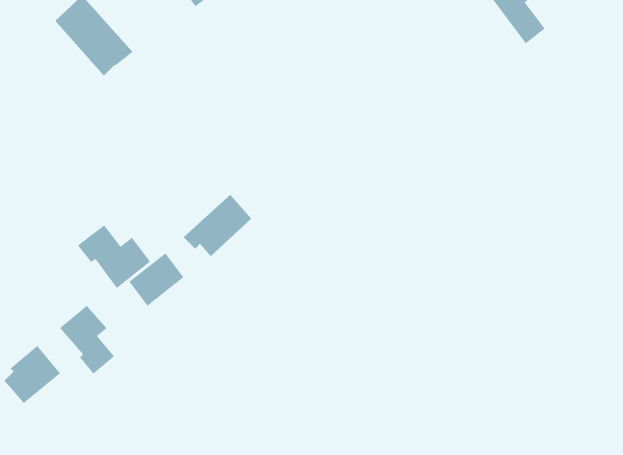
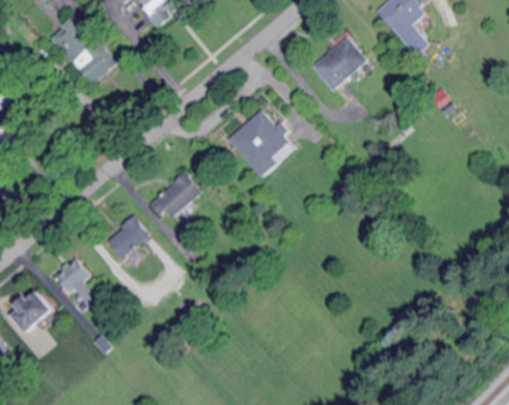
building: none -> [311,36,367,92]
building: none -> [226,110,292,177]
building: [77,224,151,289] -> none

